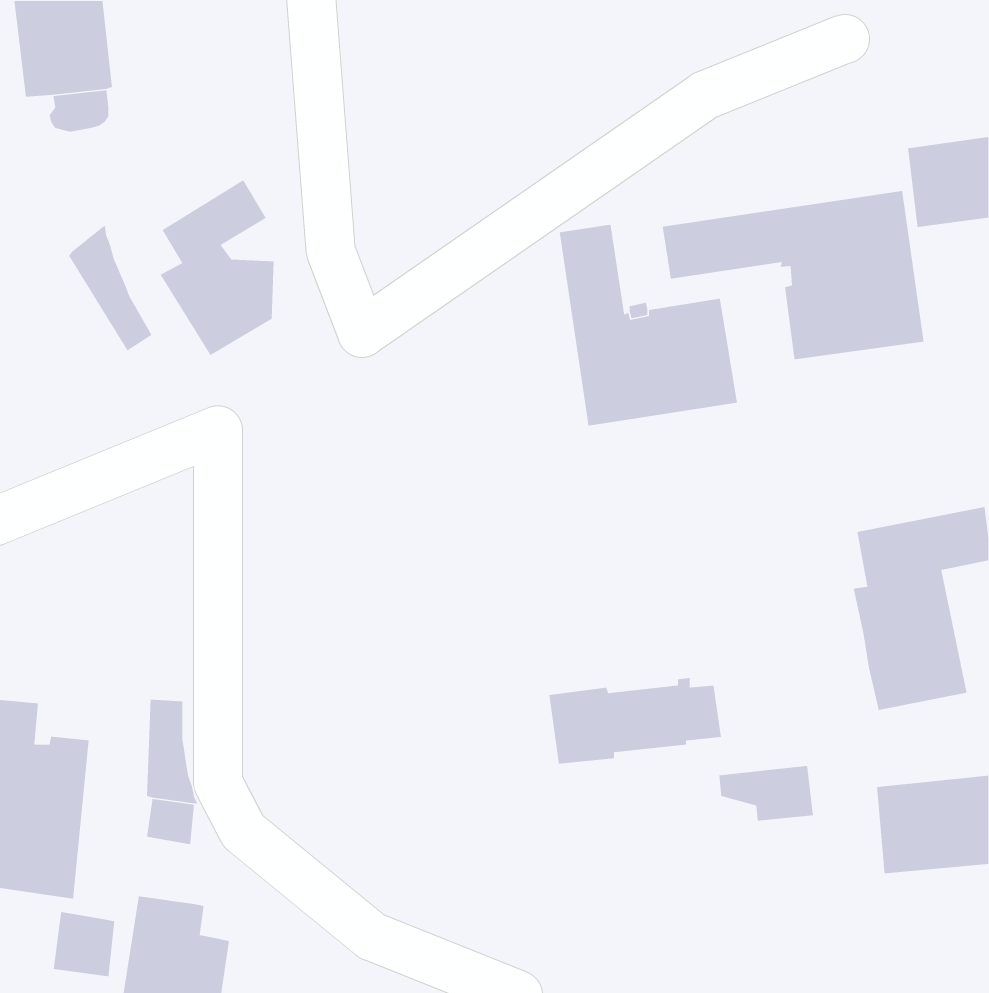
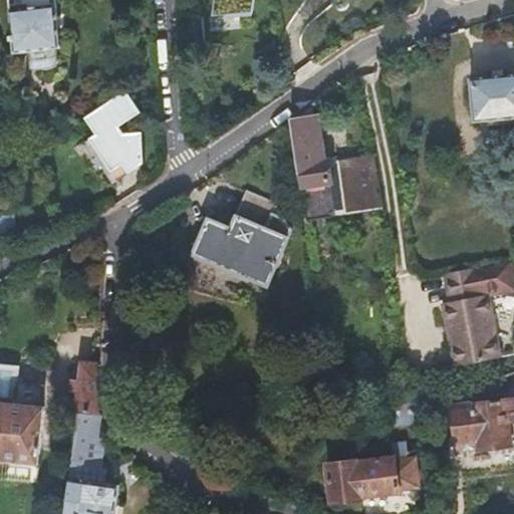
building: [662,190,925,360] -> none
building: [68,225,153,352] -> none
building: none -> [195,189,292,284]
building: [549,677,722,765] -> [327,454,417,499]
building: [53,911,115,977] -> [71,433,103,467]

